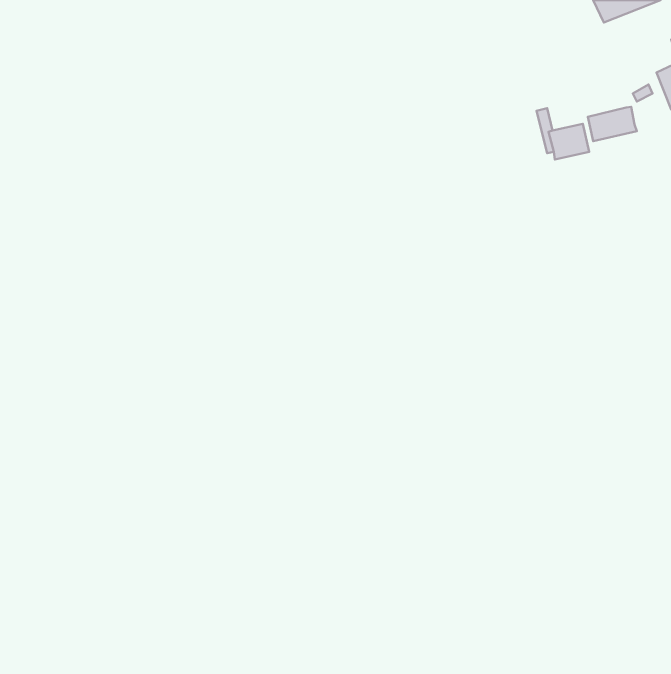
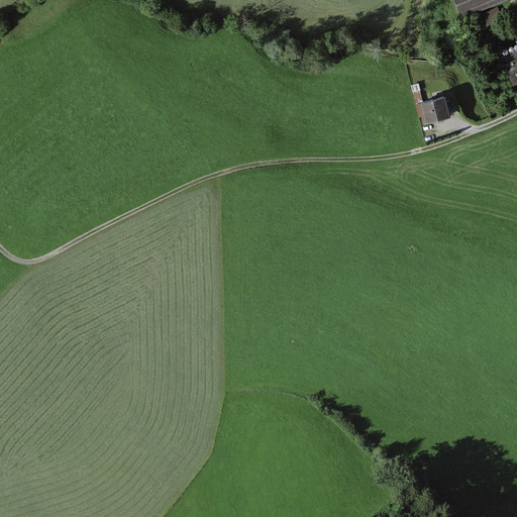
building: [588,107,637,141] -> none

